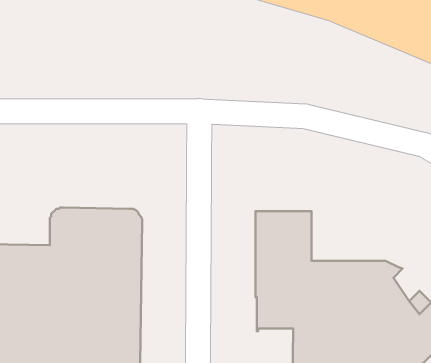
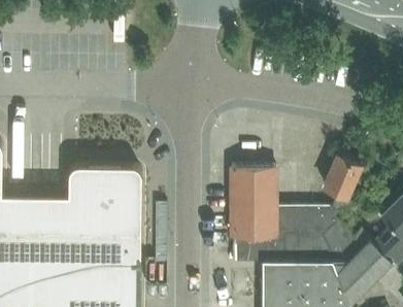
building: none -> [324,157,362,214]

